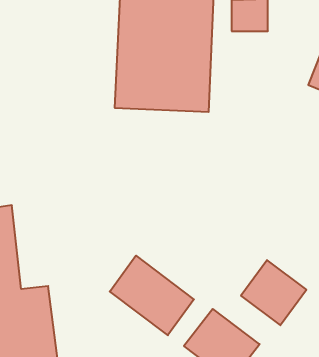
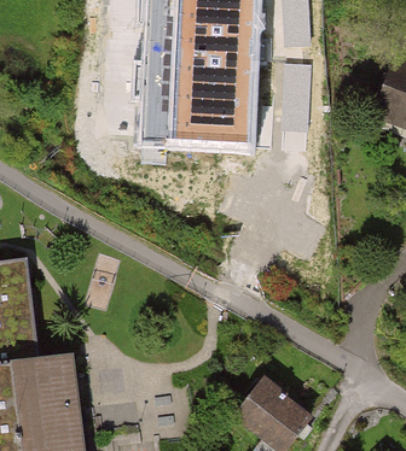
building: [110,256,194,335] -> none
building: [241,260,306,325] -> none

